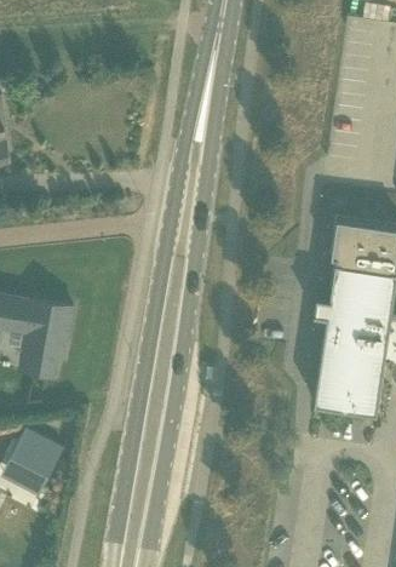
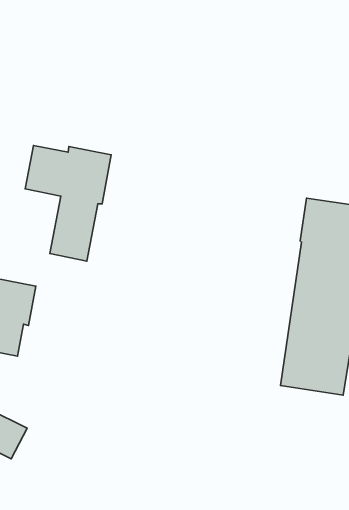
building: none -> [25,145,111,261]

